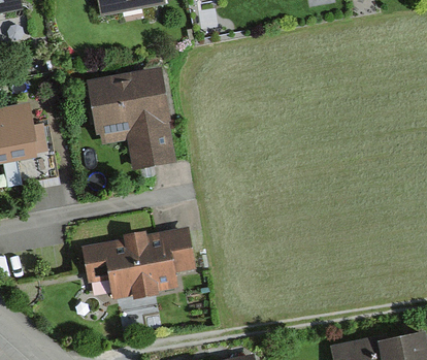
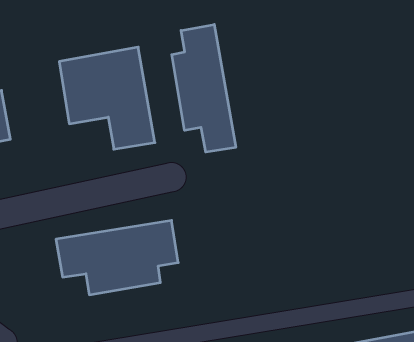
building: none -> [172,24,236,152]

